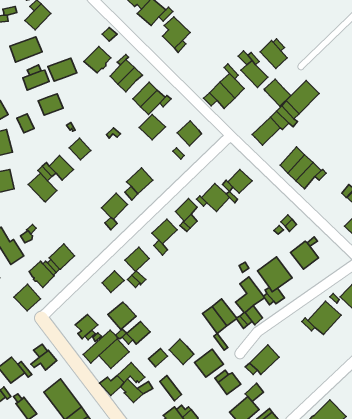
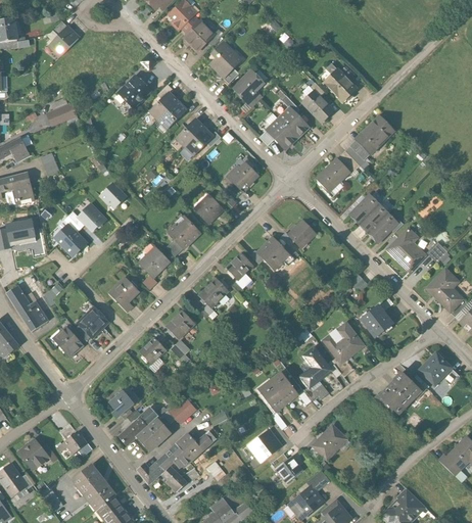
building: [10,37,42,62] -> none
building: none -> [234,70,264,106]
building: [48,58,77,81] -> none
building: [264,79,291,106] -> none
building: [38,94,63,115] -> none
building: [139,114,165,140] -> [193,194,224,224]
building: none -> [384,226,425,271]
building: none -> [108,277,139,313]
building: [14,284,40,311] -> none
building: [108,302,136,330] -> none
building: [169,339,194,365] -> [174,433,202,463]

